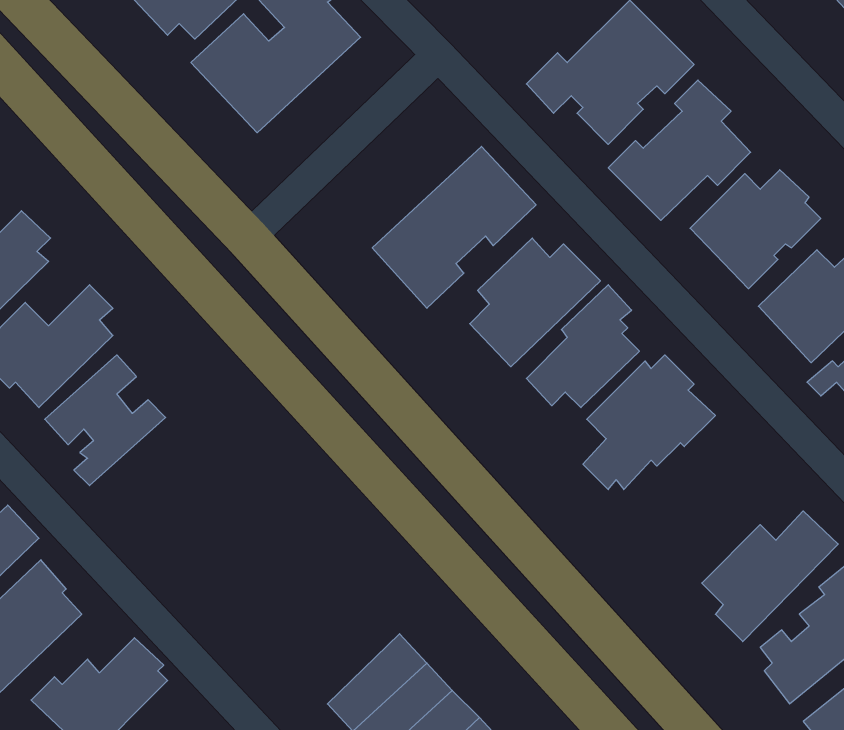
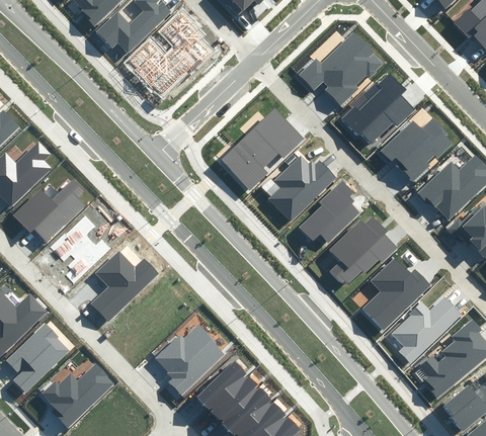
building: none -> [90,250,156,321]
building: none -> [361,255,431,330]
building: none -> [152,327,225,396]

